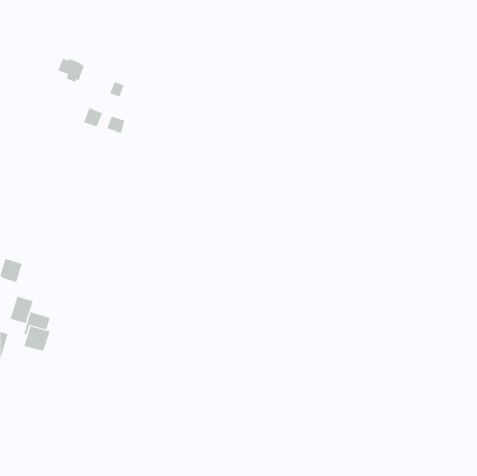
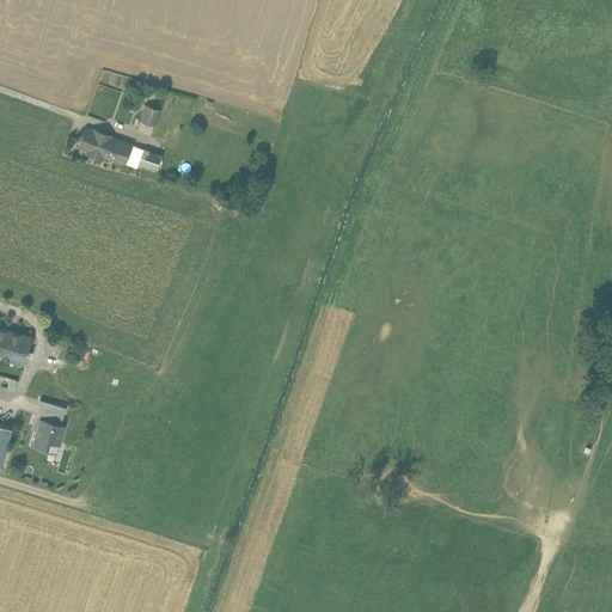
building: [57,58,85,82] -> [78,130,114,161]
building: [10,296,33,324] -> none

